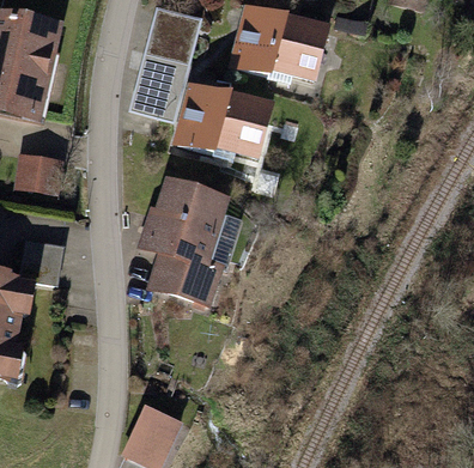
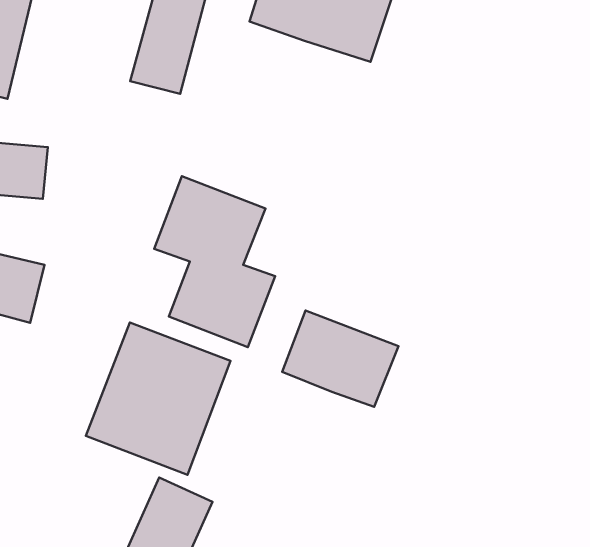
building: [166,74,273,160] -> none
building: none -> [282,310,398,407]
building: none -> [86,323,231,475]

